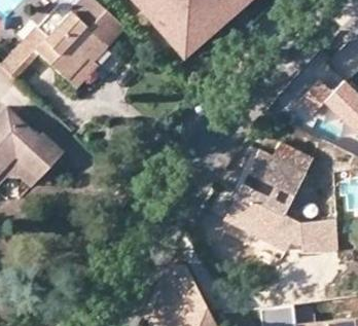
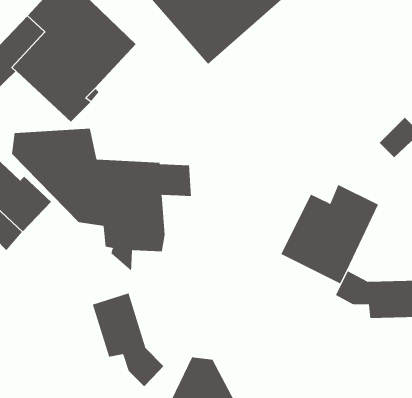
building: none -> [11,128,192,272]
building: [224,193,291,248] -> none
building: none -> [92,293,164,387]

